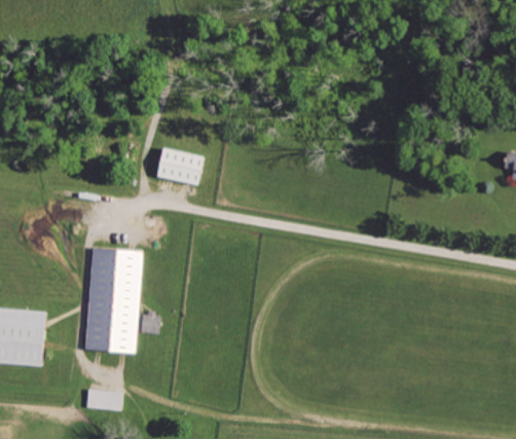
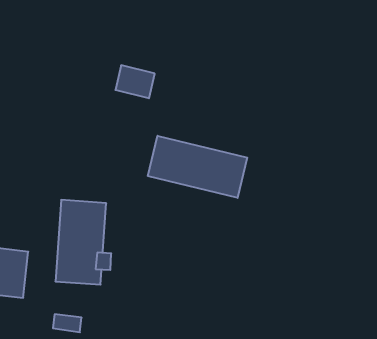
building: [155,150,205,191] -> [115,65,155,98]
building: none -> [148,136,247,198]

